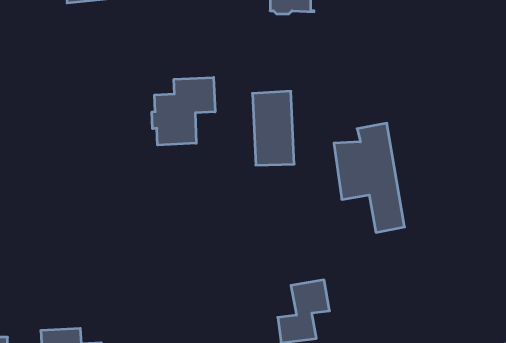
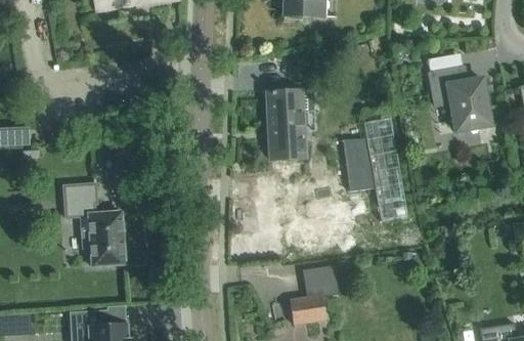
building: none -> [428,53,491,131]
building: [152,77,215,145] -> none
building: none -> [63,183,126,266]

